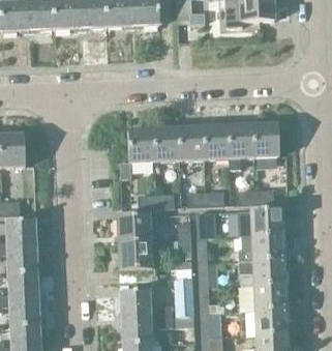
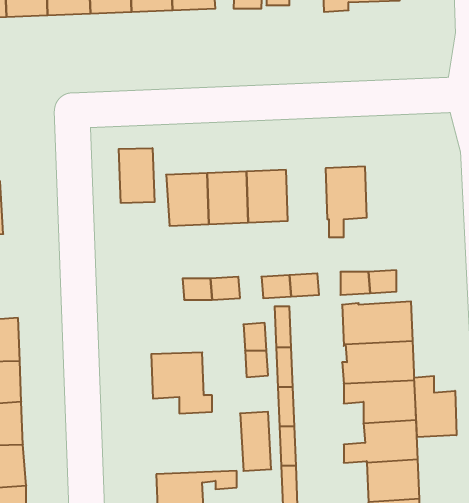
building: none -> [119,148,155,203]
building: [252,123,278,156] -> none
building: [203,125,229,158] -> none
building: [117,213,157,242] -> none
building: none -> [414,376,456,437]
building: [120,290,172,318] -> none

